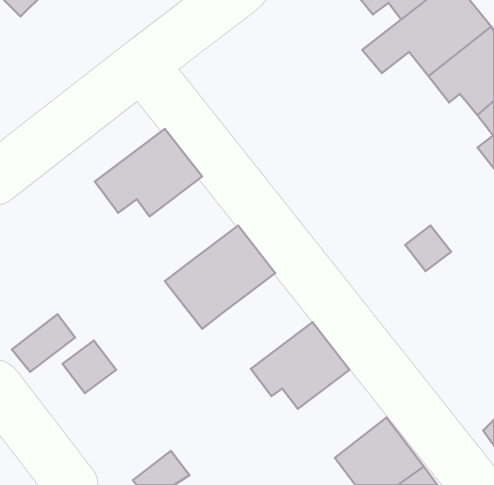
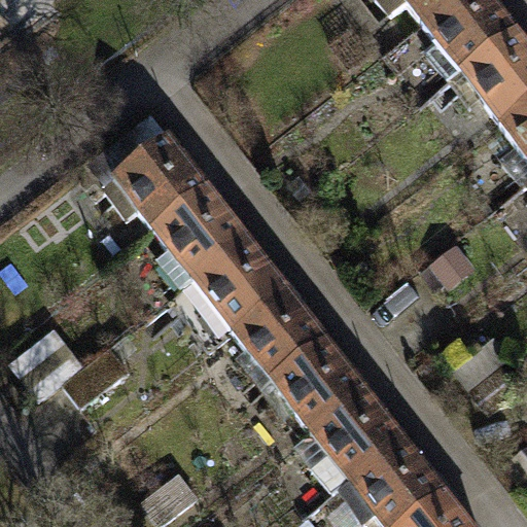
building: none -> [157,186,251,279]
building: none -> [236,288,329,389]
building: none -> [314,390,408,495]

